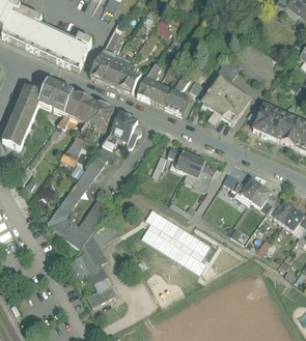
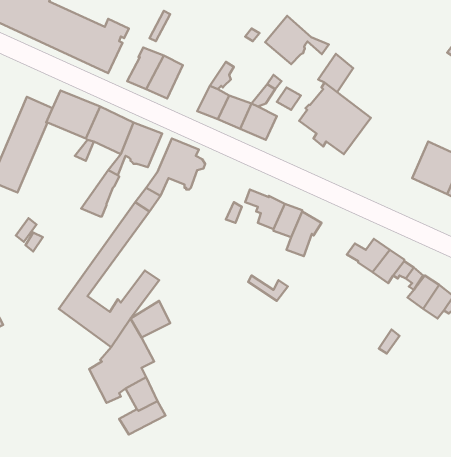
building: none -> [265,16,329,64]
building: [116,64,142,92] -> none
building: [252,104,286,138] -> none
building: [140,207,210,273] -> none

